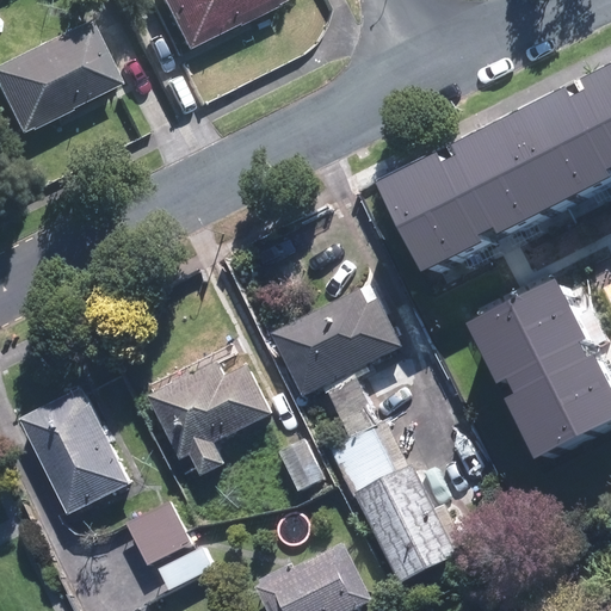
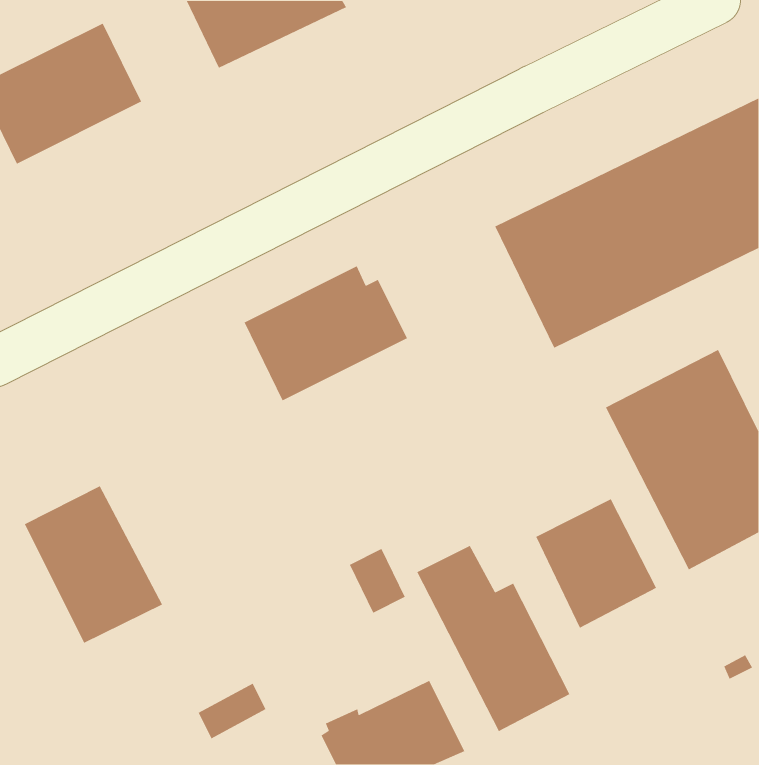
building: [270,286,401,395] -> [243,265,408,402]
building: [147,360,271,474] -> none
building: none -> [535,498,657,629]
building: [128,500,192,564] -> none

